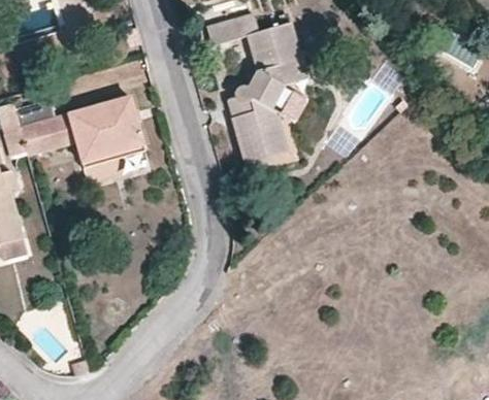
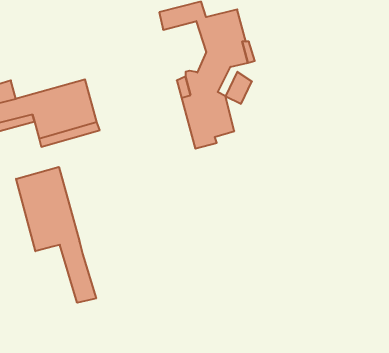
building: none -> [16,167,96,303]

